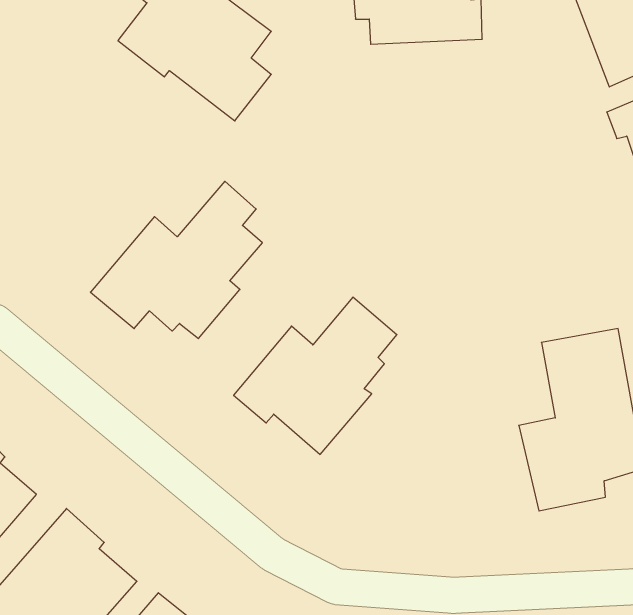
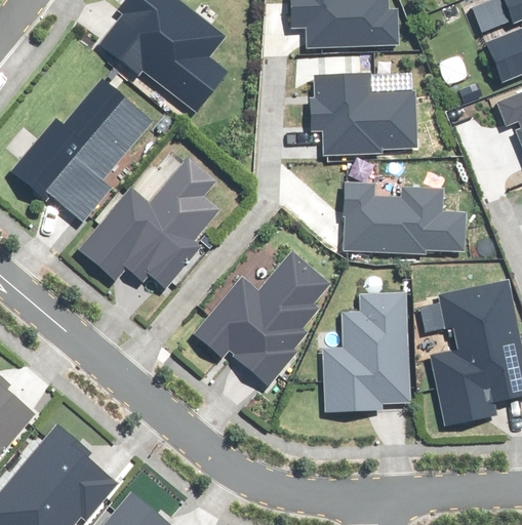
building: none -> [311,73,416,156]
building: none -> [12,80,151,219]
building: none -> [345,186,466,252]
building: none -> [324,292,408,409]

